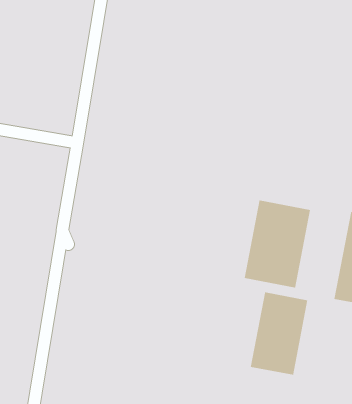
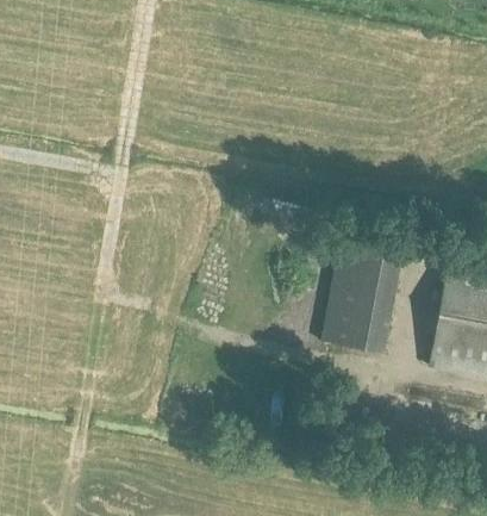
building: [250,292,308,375] -> none

